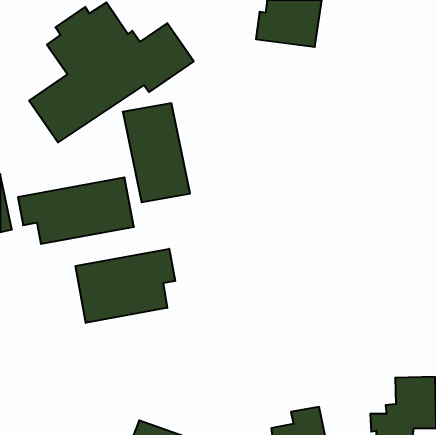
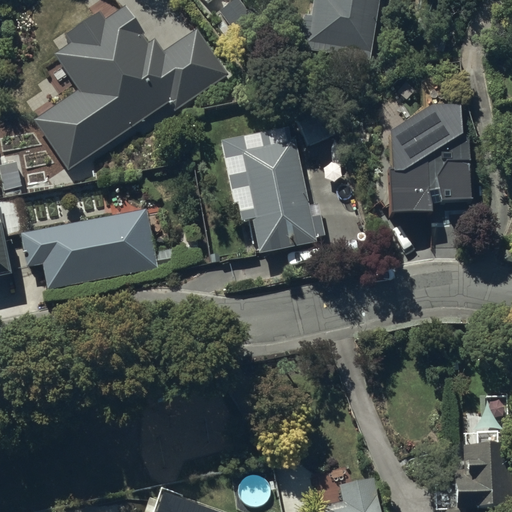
building: none -> [378,120,470,208]
building: [123,103,190,202] -> [238,135,317,251]
building: [76,249,175,323] -> none

